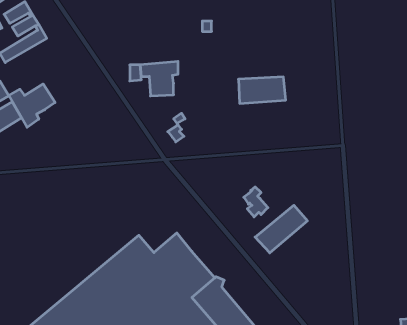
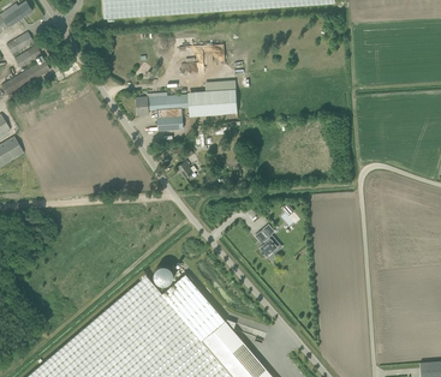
building: [238,77,286,103] -> [189,89,238,116]
building: [9,84,55,127] -> none
building: [255,205,307,253] -> none

